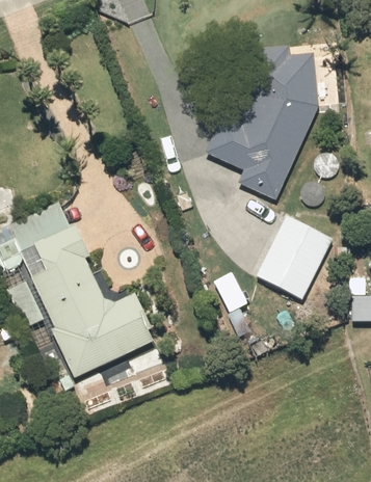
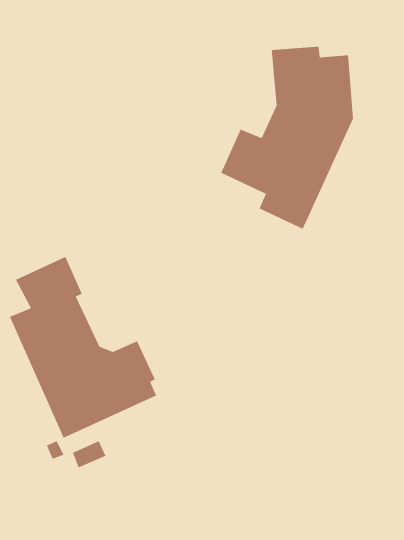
building: [257,215,333,298] -> none

